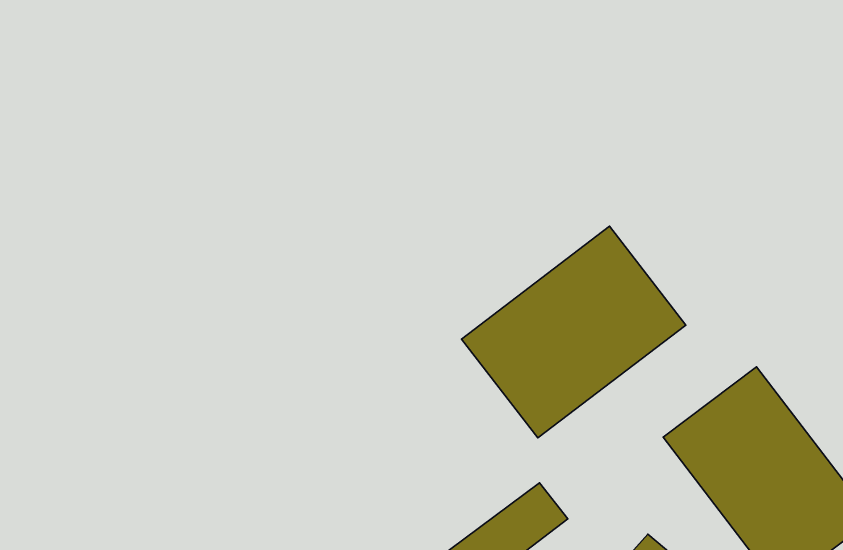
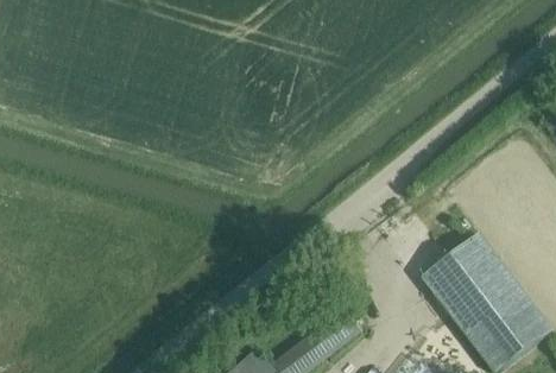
building: [462,226,686,438] -> none

